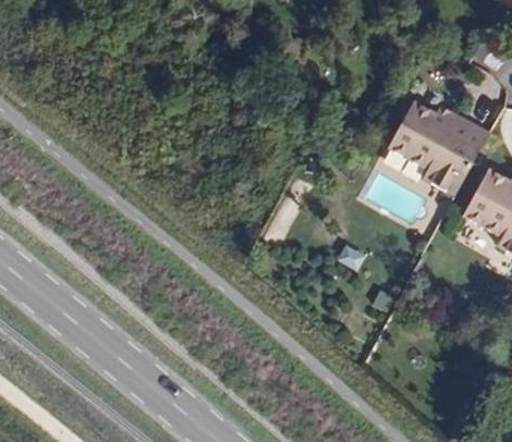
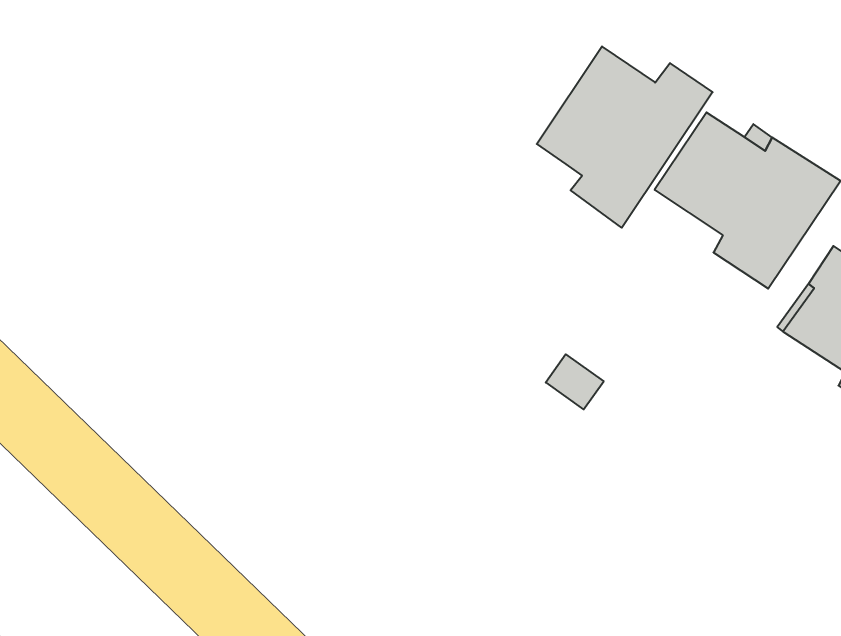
building: none -> [537,46,713,228]

